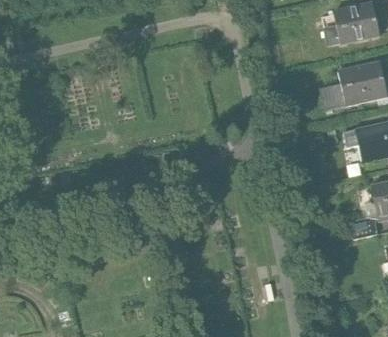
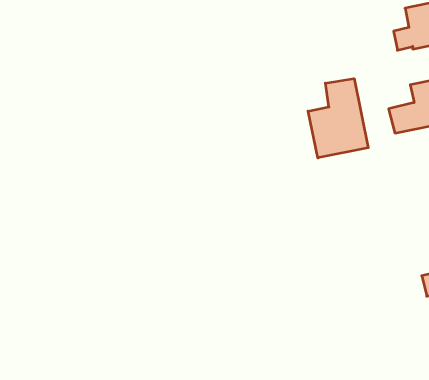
building: none -> [308,79,368,158]

